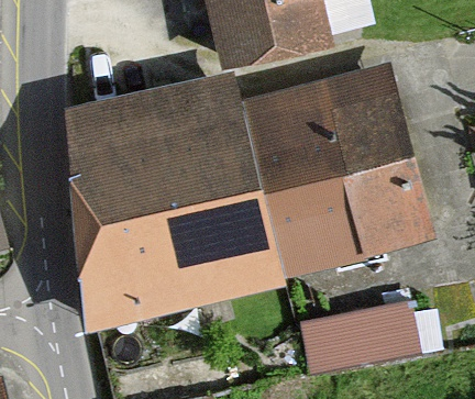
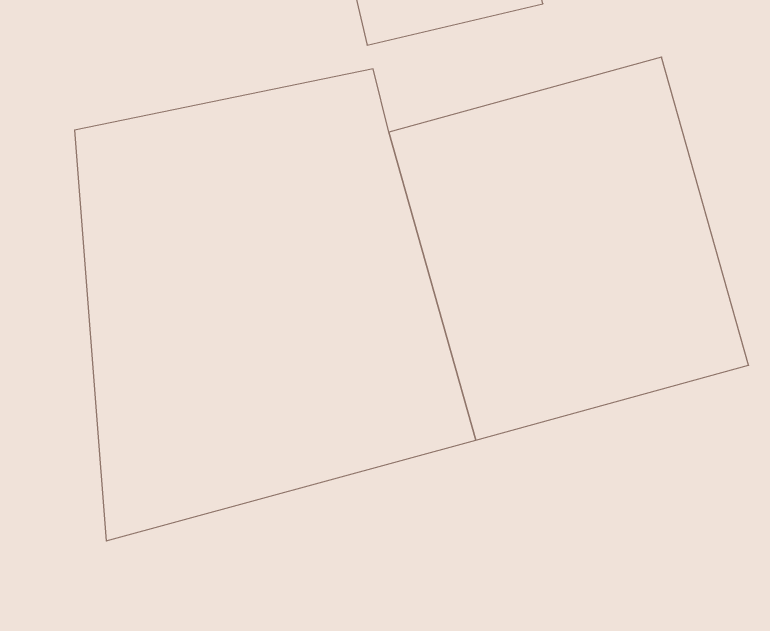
building: [294,300,417,379] -> none

